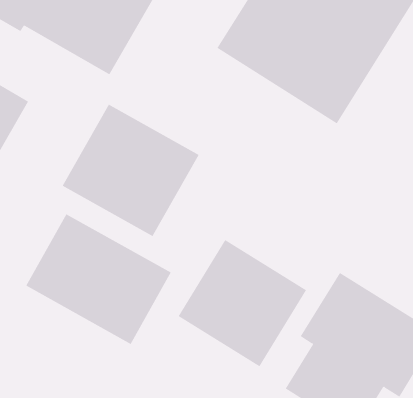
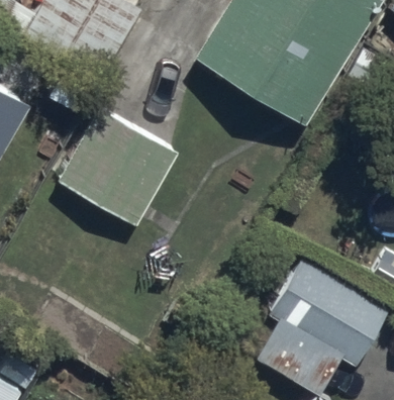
building: [26,213,172,345] -> none
building: [178,239,307,367] -> none

